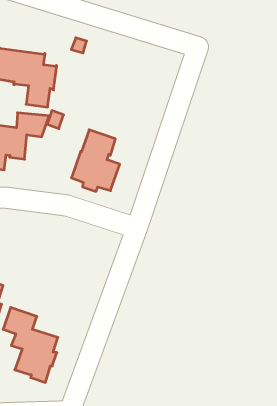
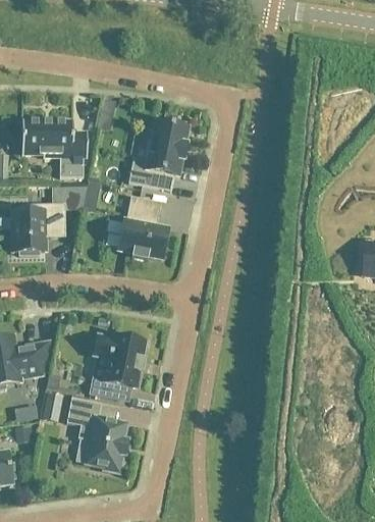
building: none -> [128,118,188,190]
building: none -> [90,334,146,399]

